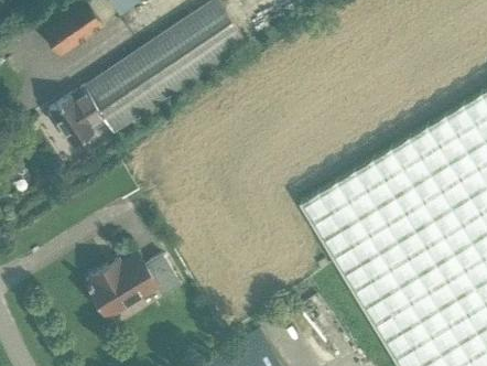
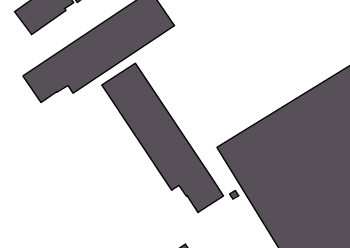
building: none -> [102,63,223,213]
building: [86,255,178,319] -> none

